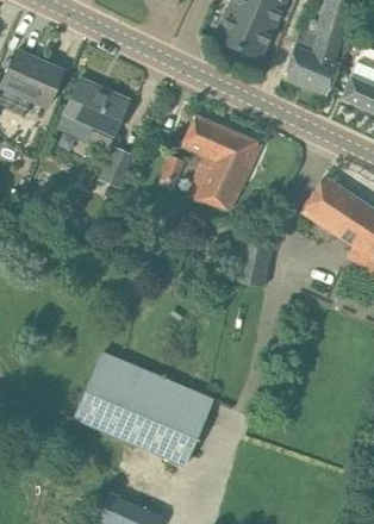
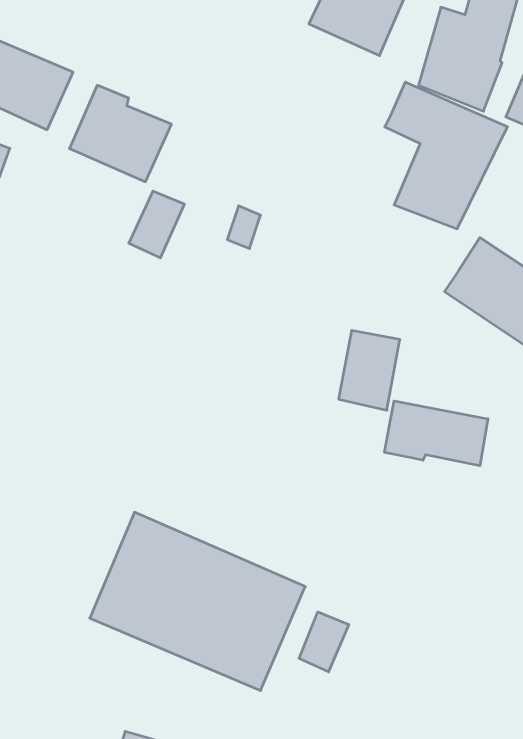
building: [183,116,262,210] -> [385,82,507,229]
building: none -> [385,401,488,466]
building: none -> [299,612,349,672]

